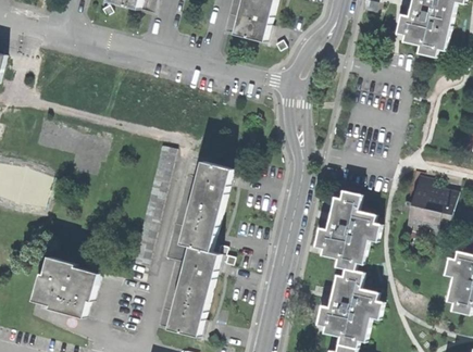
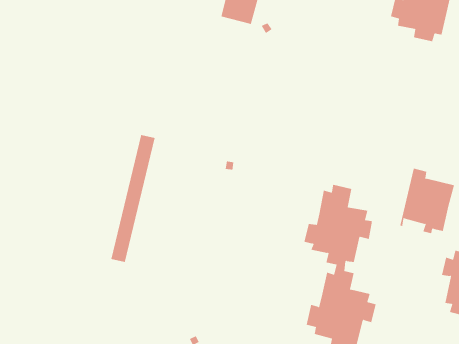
building: [169,159,233,334] -> none
building: [33,255,99,316] -> none

